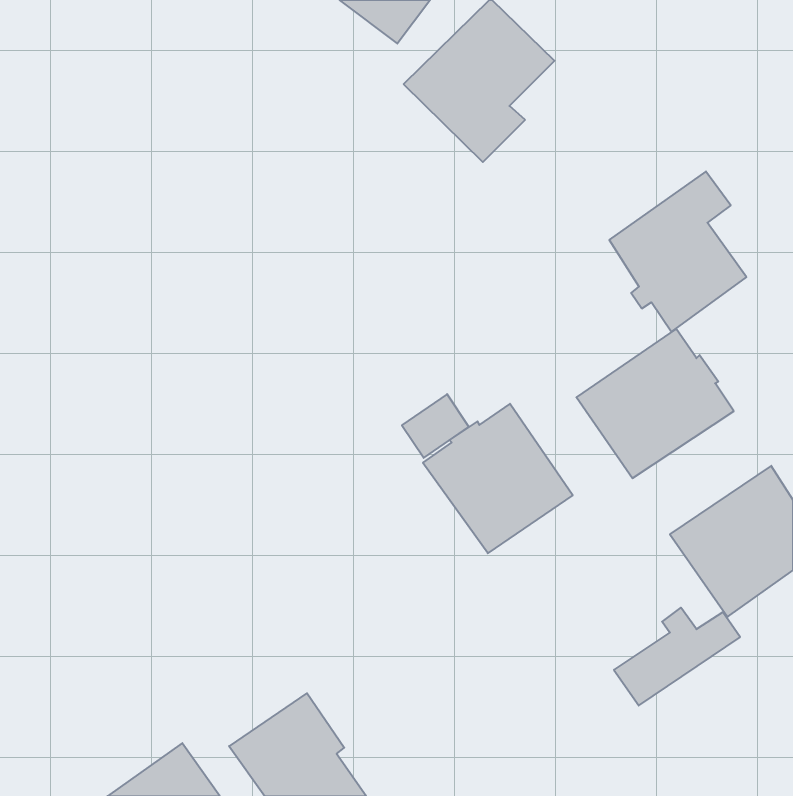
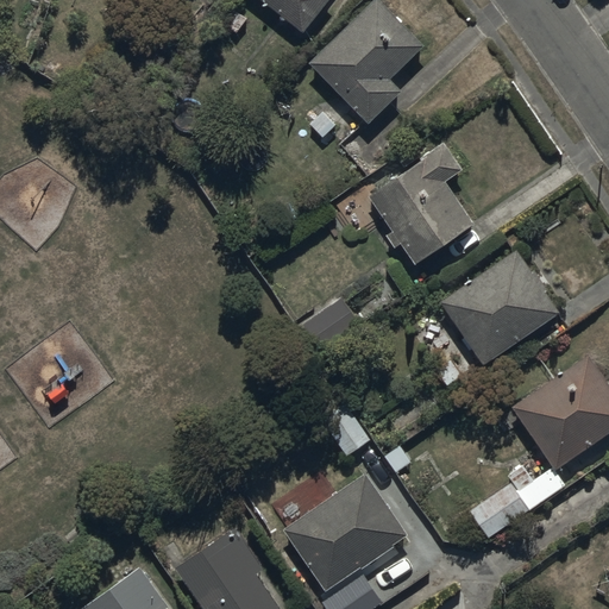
building: [609,171,746,332] -> [370,144,475,266]
building: [423,404,573,553] -> none
building: none -> [282,473,408,592]

